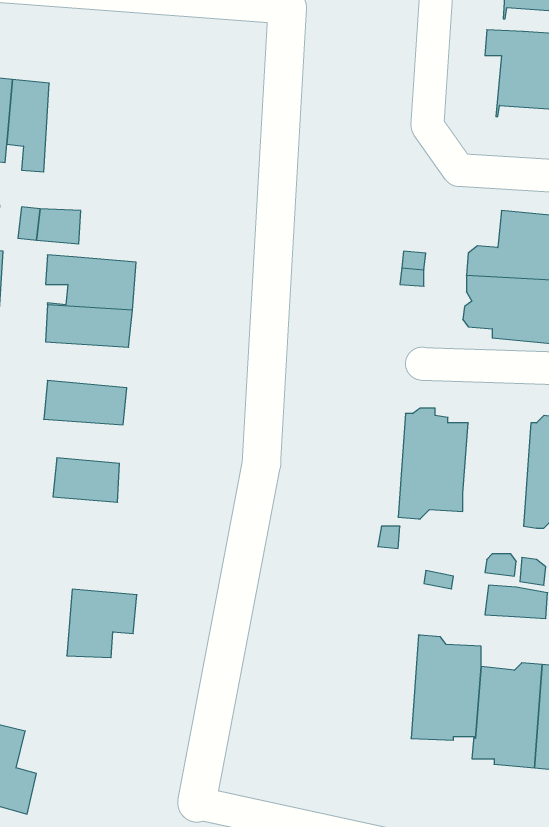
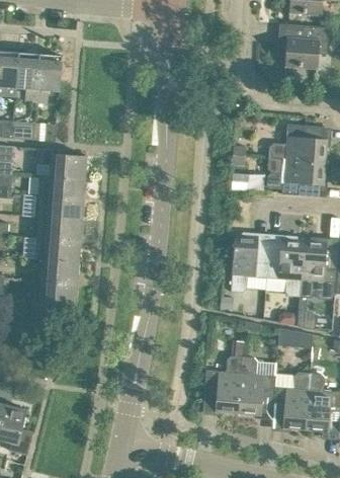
building: none -> [36,53,62,101]
building: none -> [34,194,83,220]
building: none -> [266,232,304,296]
building: none -> [35,237,80,261]
building: [67,589,137,658] -> [38,280,77,317]
building: none -> [203,343,244,412]

